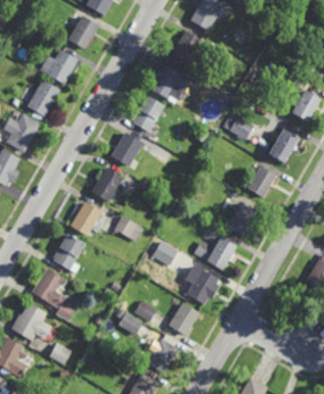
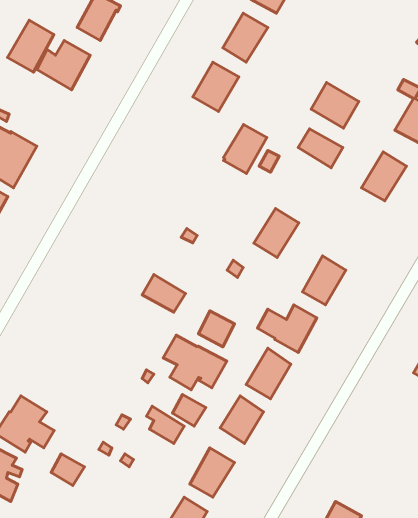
building: none -> [311,82,359,128]
building: [25,80,58,116] -> [8,20,54,72]
building: [132,96,163,131] -> [223,124,267,174]
building: [110,131,143,166] -> none
building: [247,163,278,198] -> [254,209,299,258]
building: [92,167,121,201] -> none
building: [69,201,101,236] -> none
building: [52,233,85,274] -> none
building: none -> [163,335,227,390]
building: [32,267,79,319] -> none

